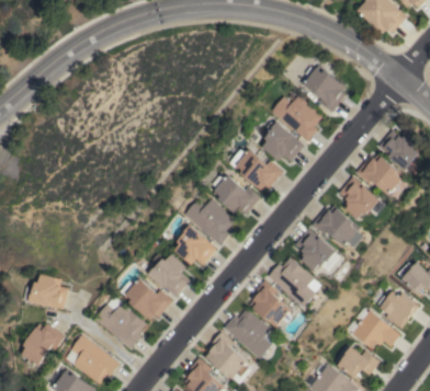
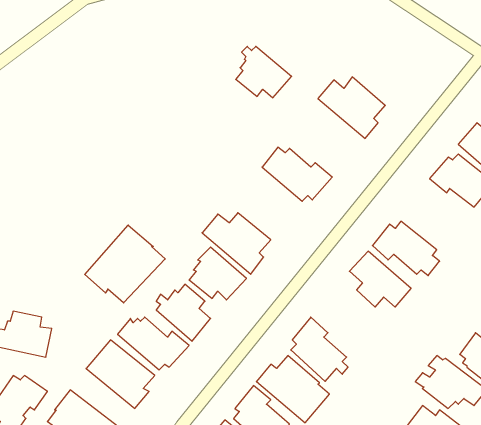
building: [303,68,346,113] -> none
building: [261,123,304,162] -> [236,46,292,98]
building: [210,174,259,216] -> none
building: [340,179,382,219] -> none
building: none -> [85,225,165,303]
building: [269,257,324,308] -> none

